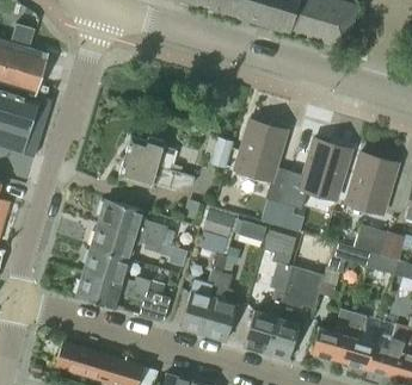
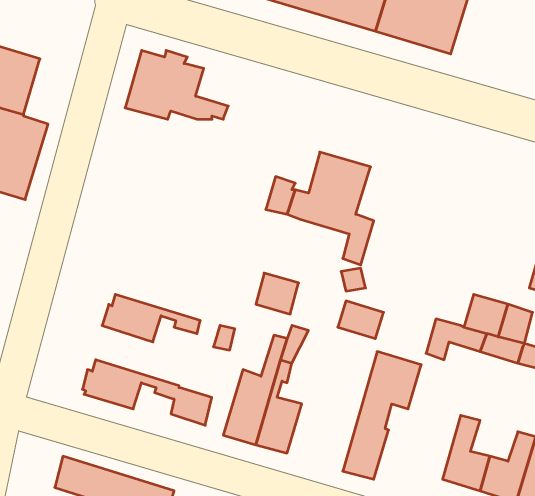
building: [118,136,193,186] -> [125,50,228,119]
building: [279,138,351,206] -> none
building: [345,153,398,213] -> none
building: [99,199,176,246] -> none
building: [86,247,149,291] -> none
building: [244,262,291,353] -> none
building: [310,308,352,359] -> none

